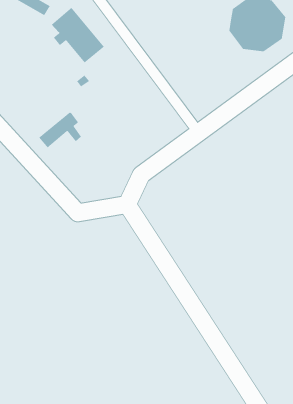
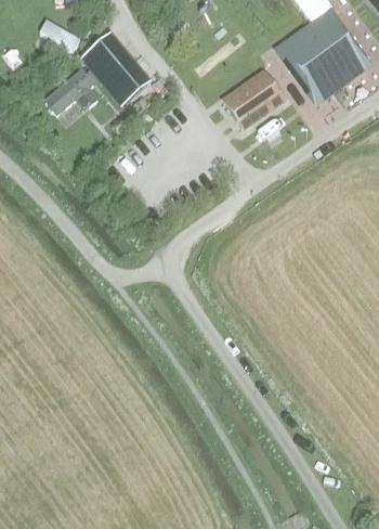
building: none -> [224,77,283,127]
building: [38,111,82,149] -> [45,69,96,113]

